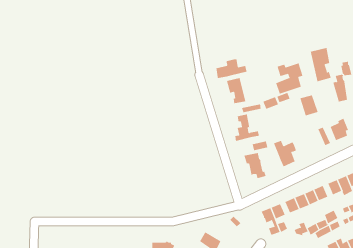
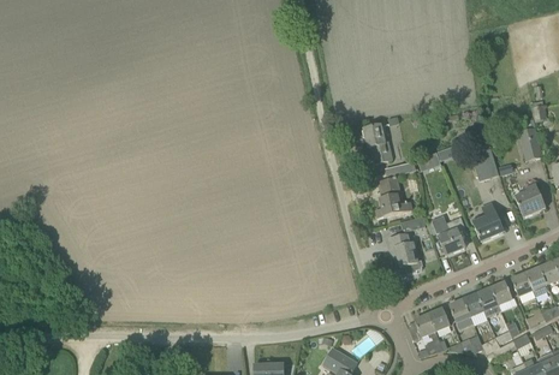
building: [310,47,331,82] -> none
building: [216,59,247,79] -> none
building: [276,62,303,95] -> none
building: none -> [472,202,502,239]

